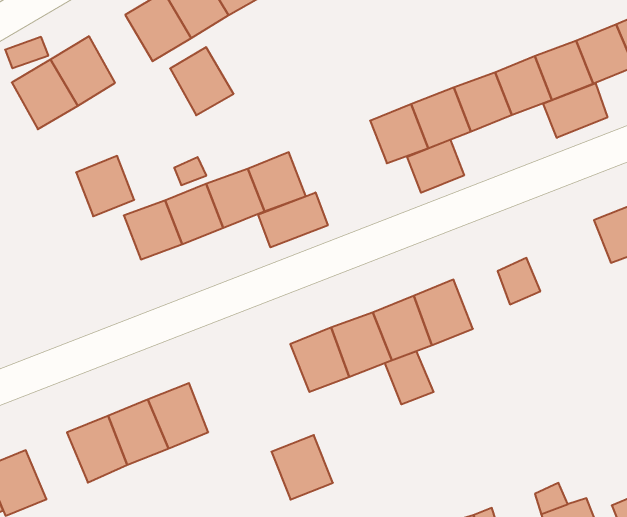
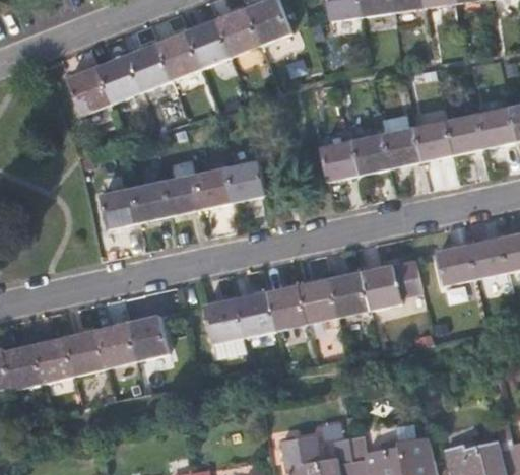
building: [170,47,234,115] -> [127,43,170,90]
building: [543,83,607,138] -> none
building: [407,140,464,193] -> none
building: [76,156,134,216] -> [100,187,138,227]
building: [258,192,328,247] -> none
building: none -> [436,245,475,284]
building: none -> [361,265,400,309]
building: [385,351,434,404] -> none
building: none -> [34,336,74,382]
building: [271,435,333,500] -> [203,298,244,342]

